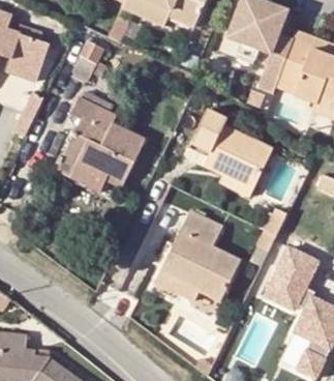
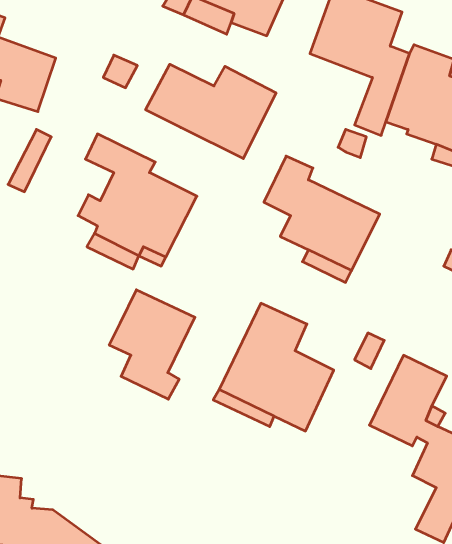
building: none -> [146,64,276,159]
building: none -> [109,290,195,399]

